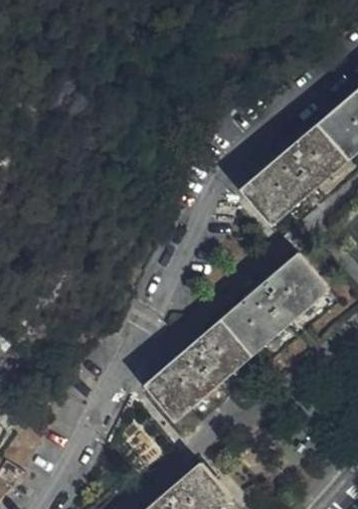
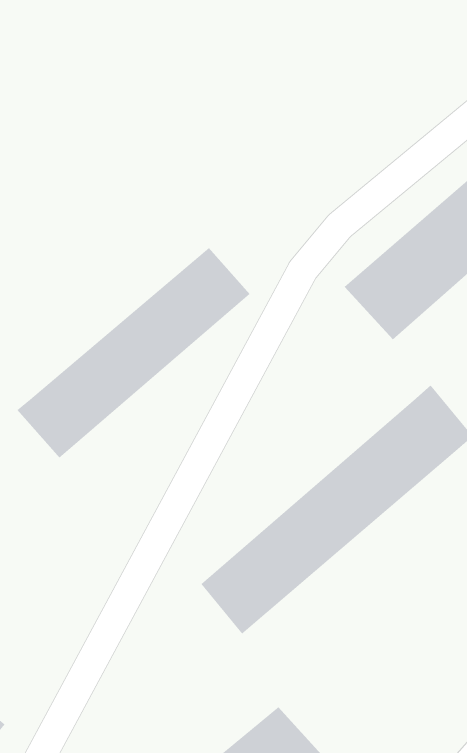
building: none -> [16,247,251,458]

